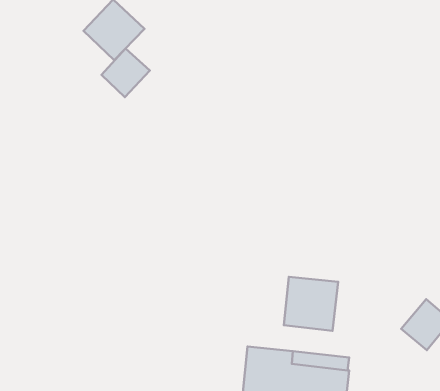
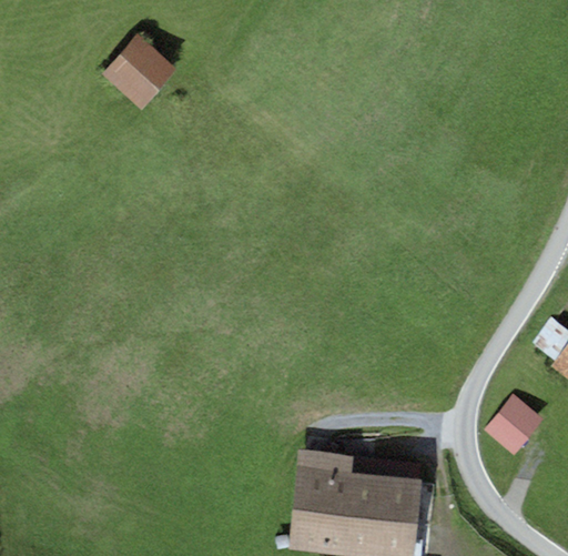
building: [101,49,150,97] -> none
building: [284,277,338,331] -> none

